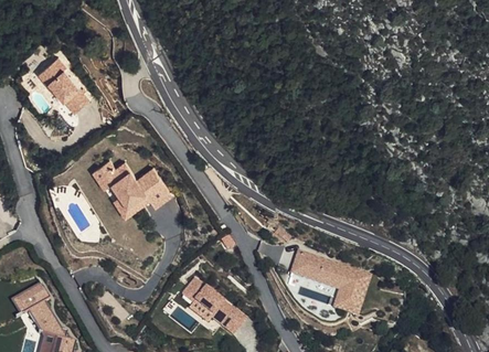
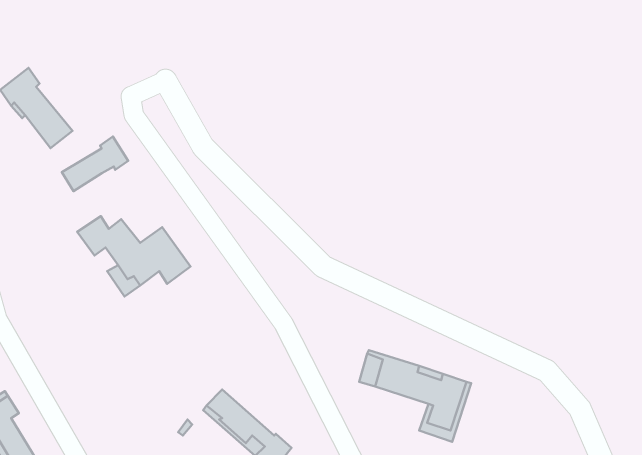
building: none -> [62,136,128,191]

